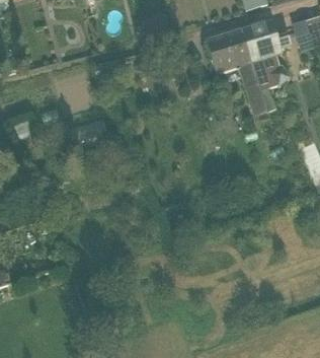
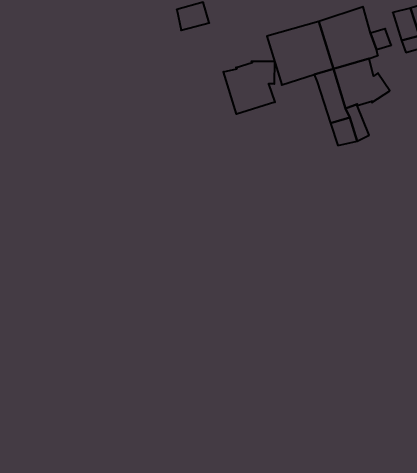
building: none -> [223,61,275,114]

